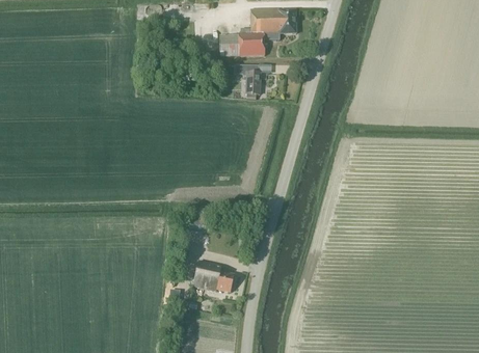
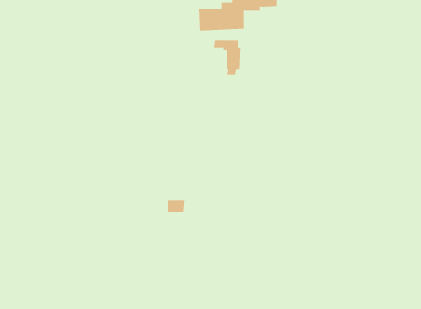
building: [193,262,234,294] -> none

